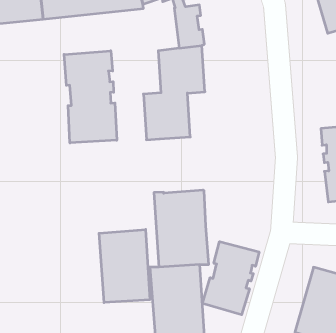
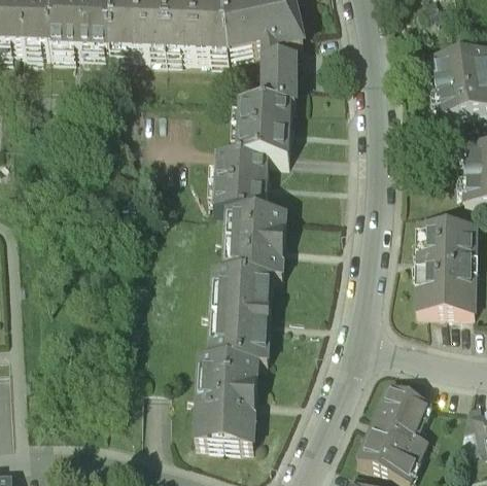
building: [64,51,117,143] -> none
building: none -> [227,207,287,274]
building: [99,229,150,303] -> none
building: [202,242,259,315] -> none

